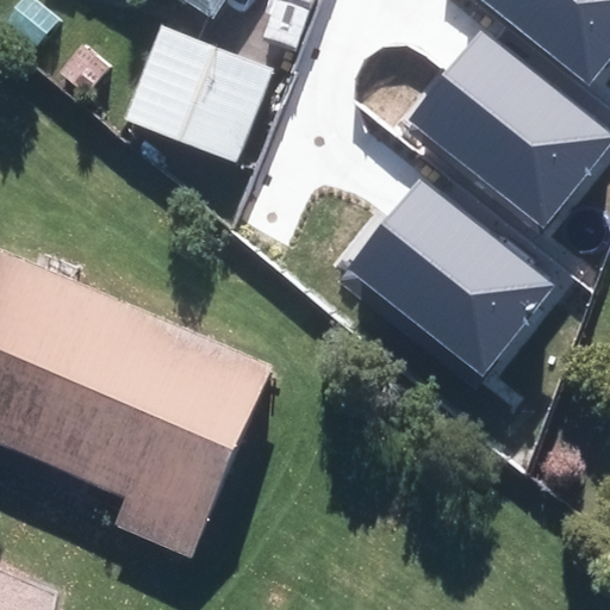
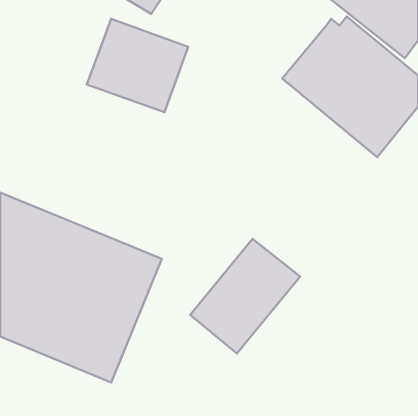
building: [348,170,569,376] -> none
building: none -> [190,239,300,353]

